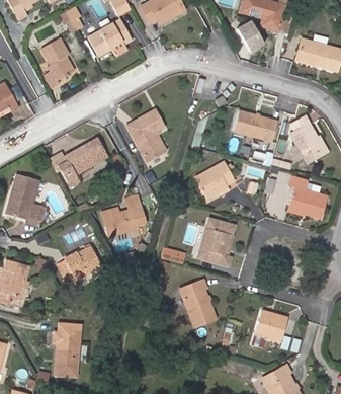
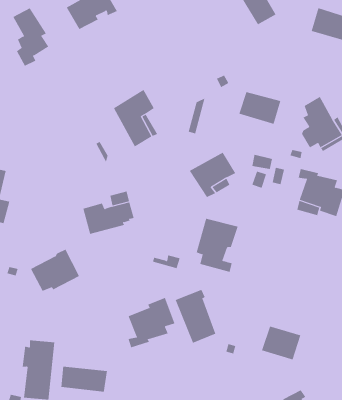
building: [57,139,106,186] -> none
building: none -> [128,297,175,348]
building: none -> [61,366,107,392]

